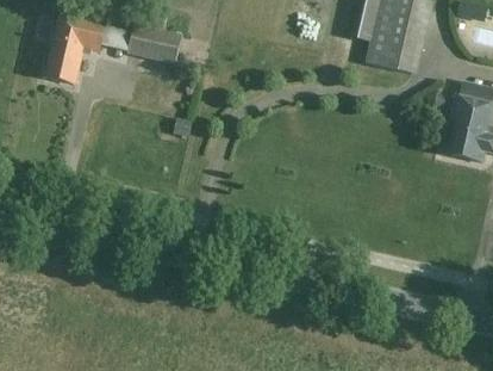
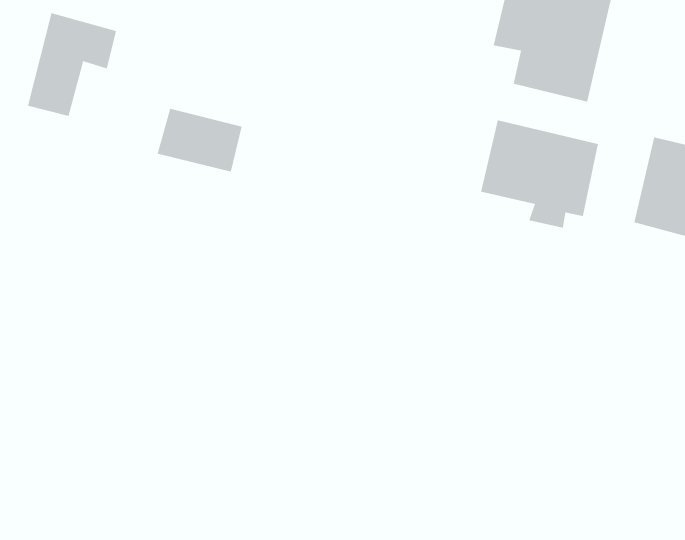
building: [126,21,182,63] -> [157,108,243,172]
building: none -> [481,120,598,228]

